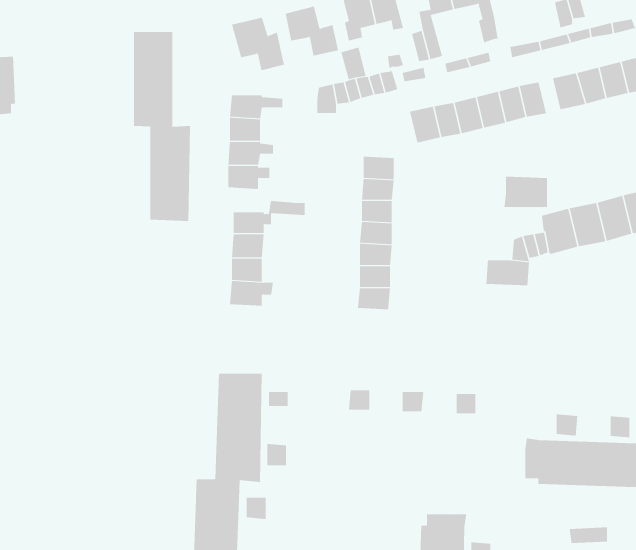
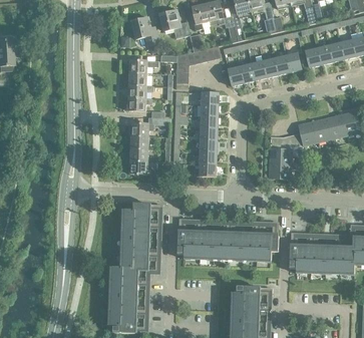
building: [134,31,191,222] -> none
building: [503,176,548,208] -> [267,161,291,179]
building: none -> [176,232,279,259]

